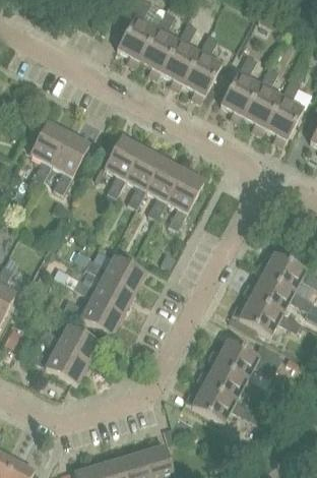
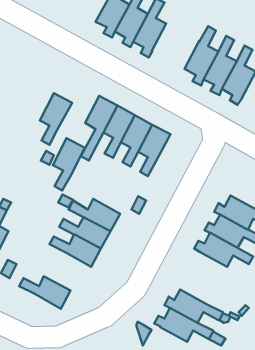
building: [182,33,221,102] -> none
building: [30,121,68,182] -> [53,138,85,191]
building: [39,324,100,362] -> none
building: [208,339,282,378] -> none

